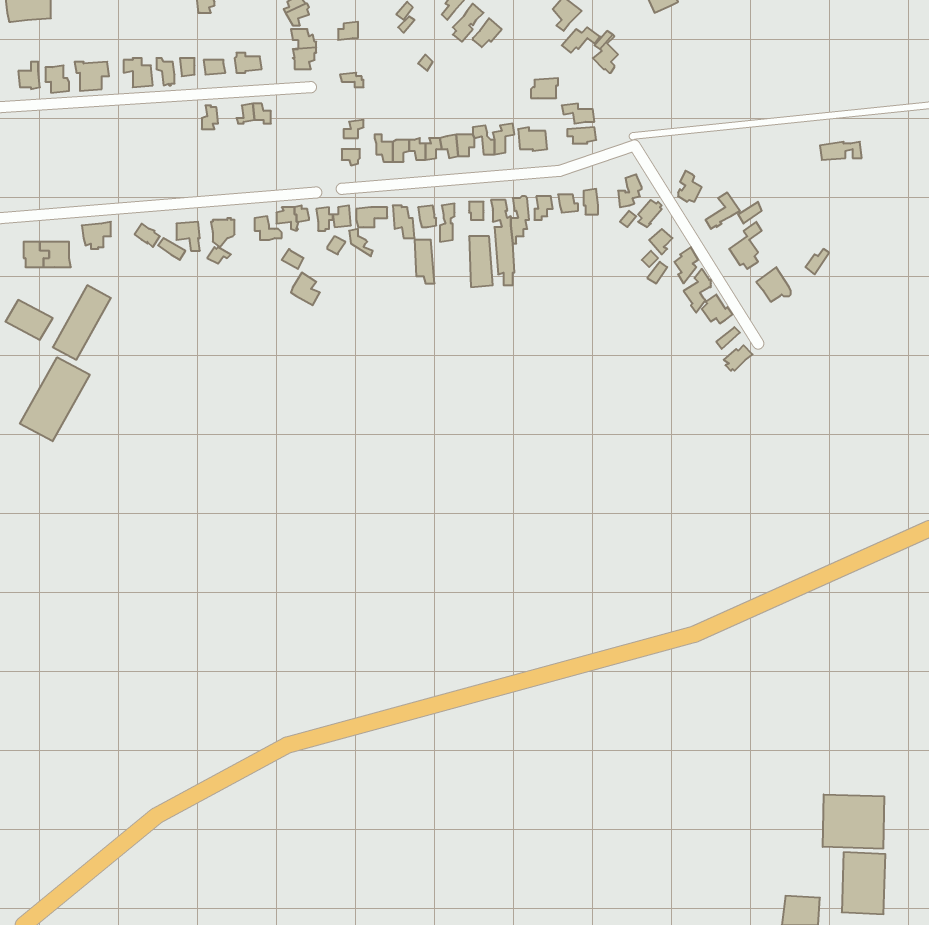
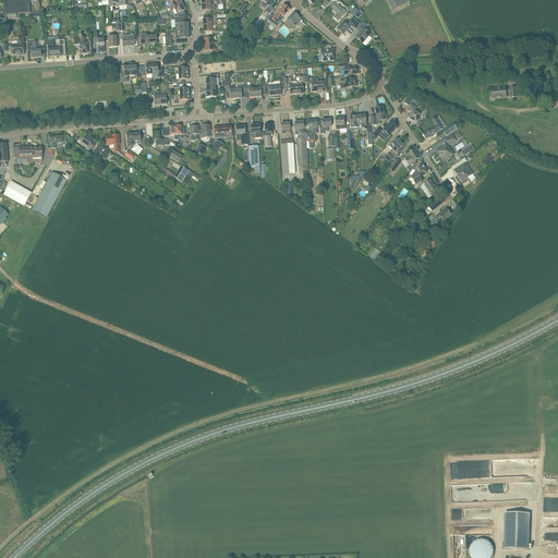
building: [20,357,90,441] -> none
building: [823,794,884,849] -> none

